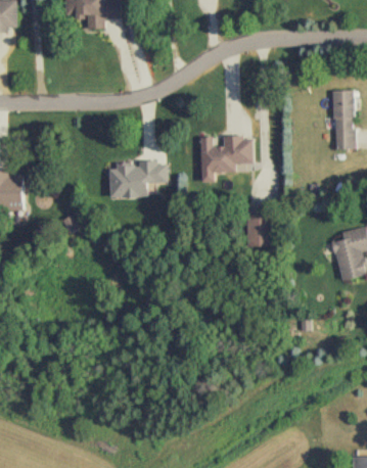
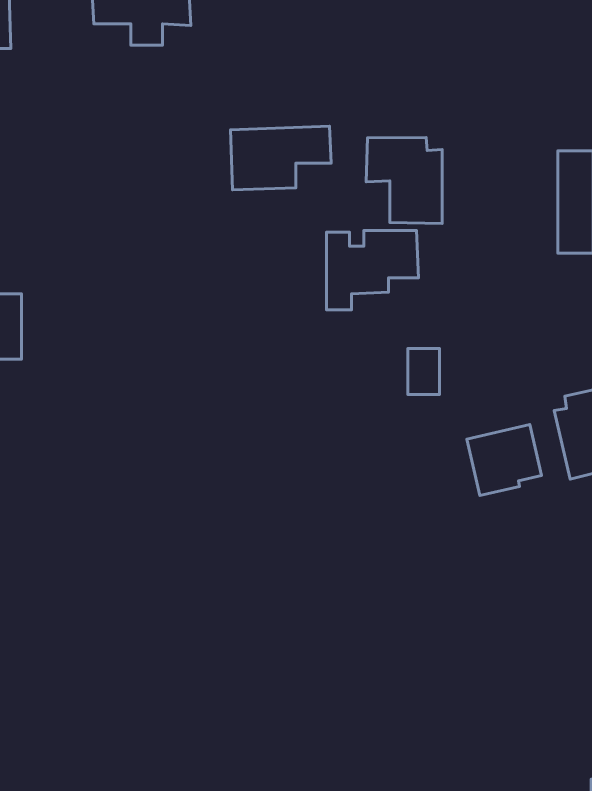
building: none -> [366,138,442,223]
building: [108,161,167,198] -> [231,126,331,190]
building: none -> [467,425,542,496]

